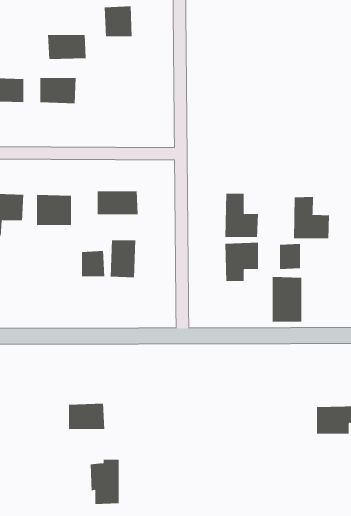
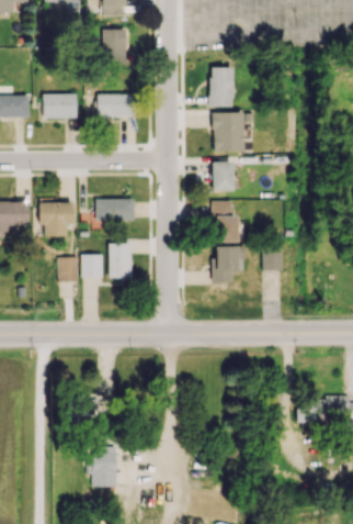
building: [47,35,87,60] -> [96,94,133,118]
building: none -> [208,67,232,108]
building: none -> [213,112,243,153]
building: none -> [210,161,232,191]
building: [294,196,329,239] -> none
building: none -> [58,256,78,282]
building: [272,276,302,323] -> none

